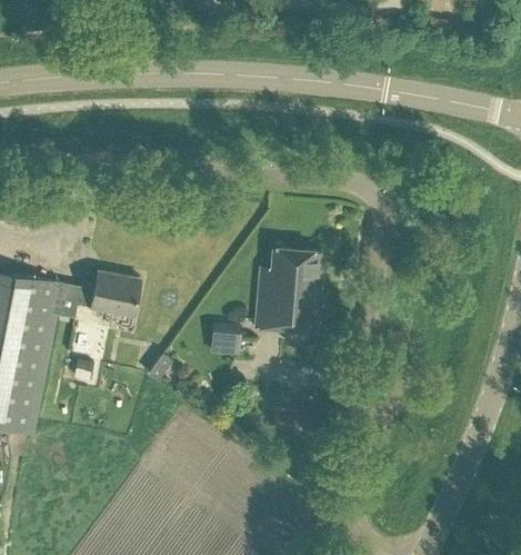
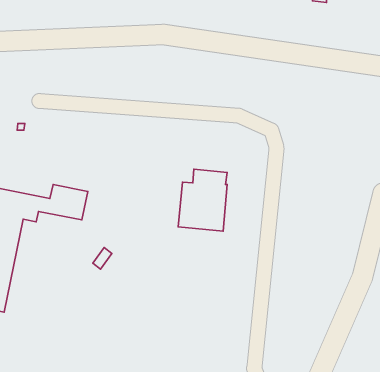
building: [207,325,237,354] -> none

